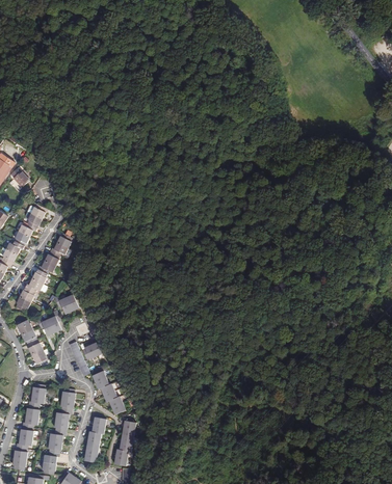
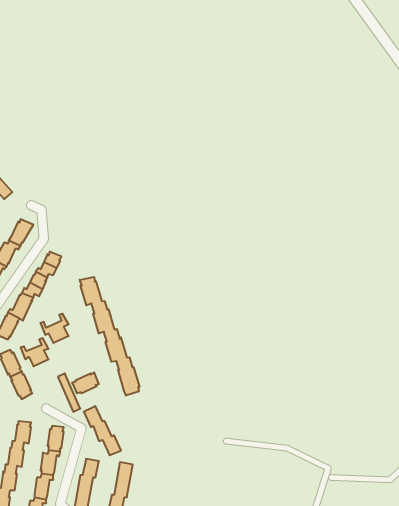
building: none -> [80,277,139,396]

